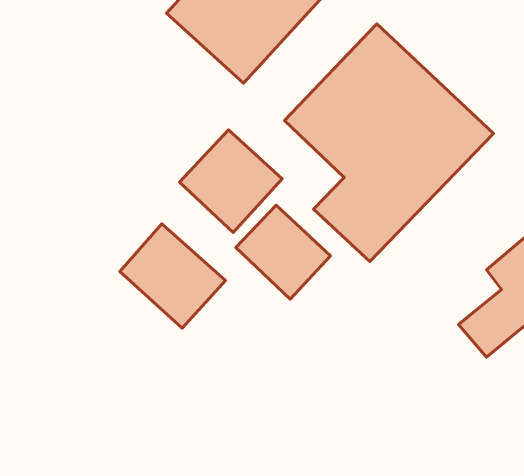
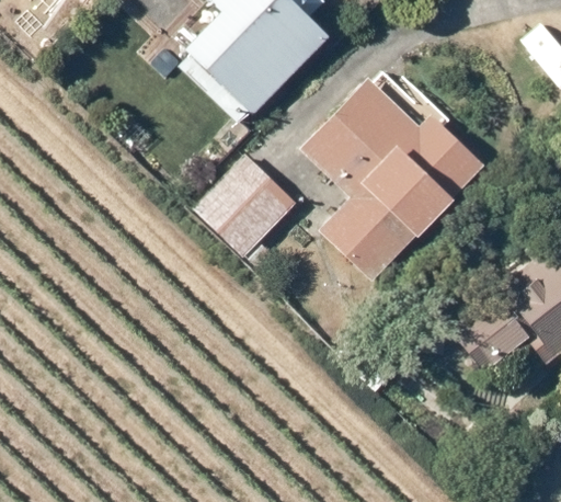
building: [236,205,330,299] -> none
building: [120,224,226,328] -> none

